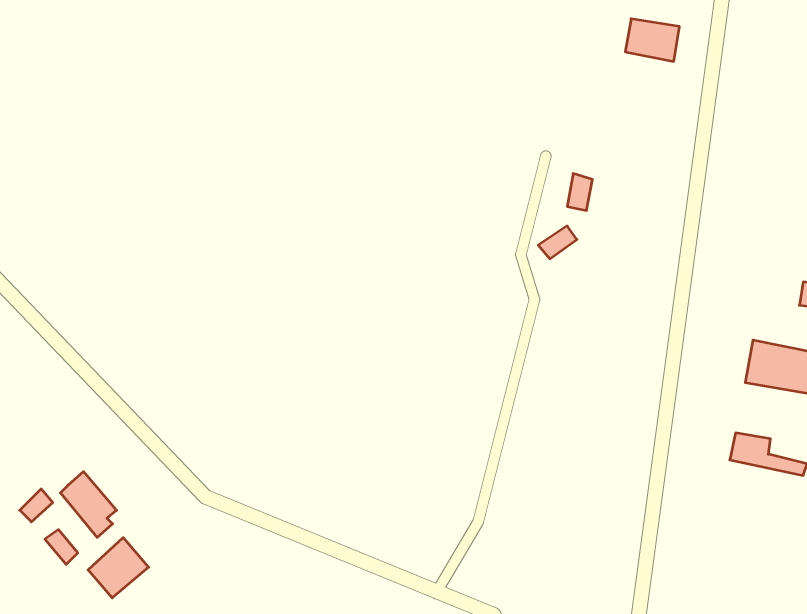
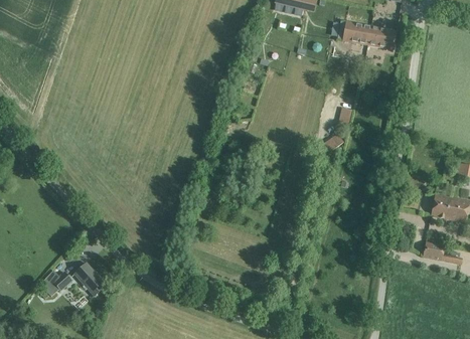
building: none -> [341,21,370,43]
building: [88,538,149,598] -> none

